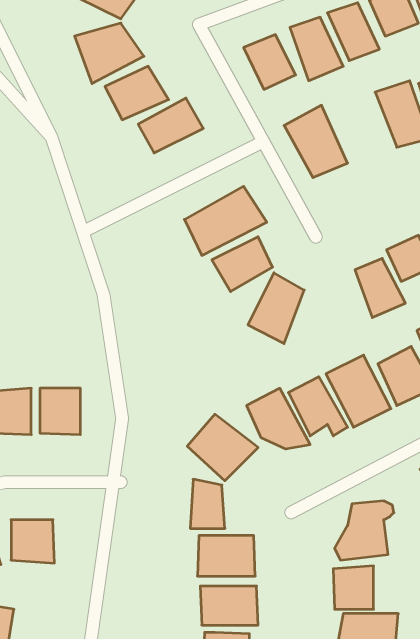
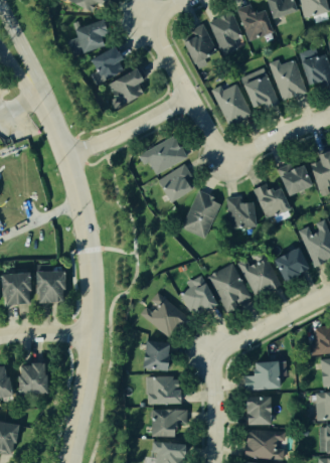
building: none -> [241,69,280,112]
building: none -> [226,189,257,228]

